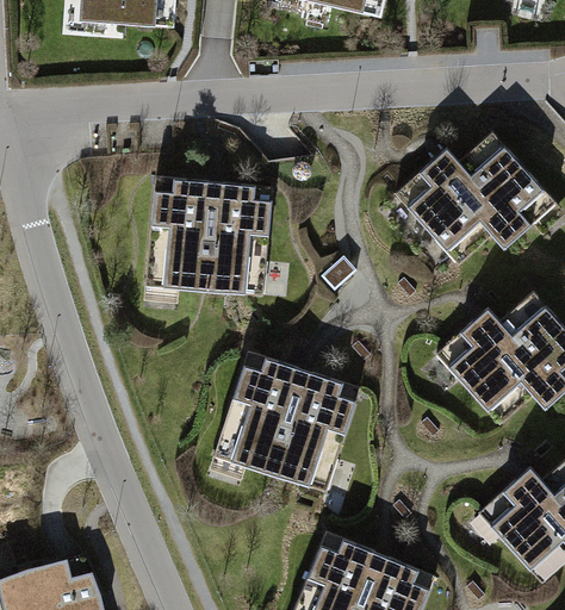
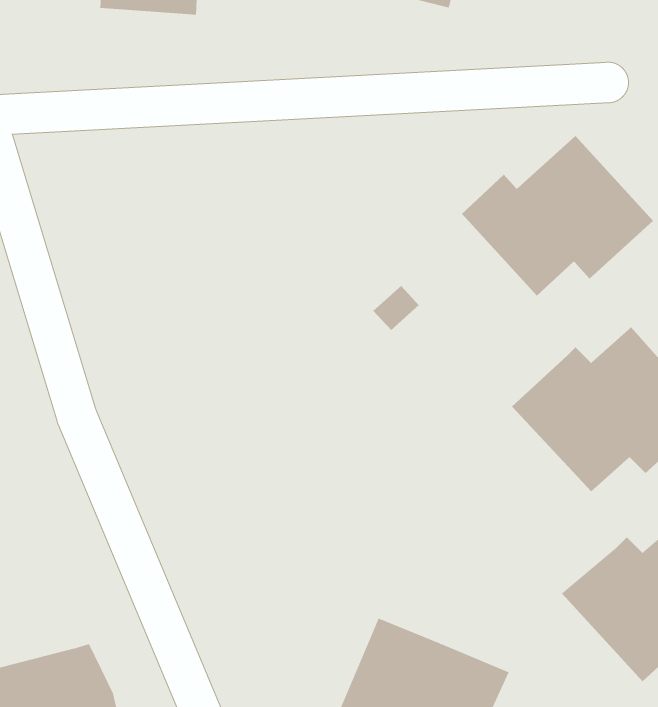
building: [143,175,271,294] -> none
building: [211,351,359,492] -> none

